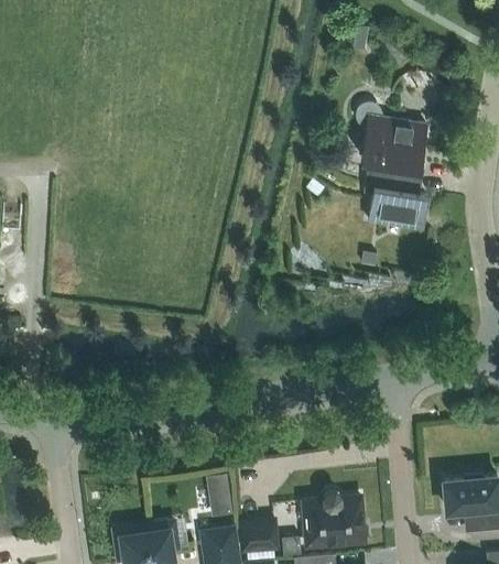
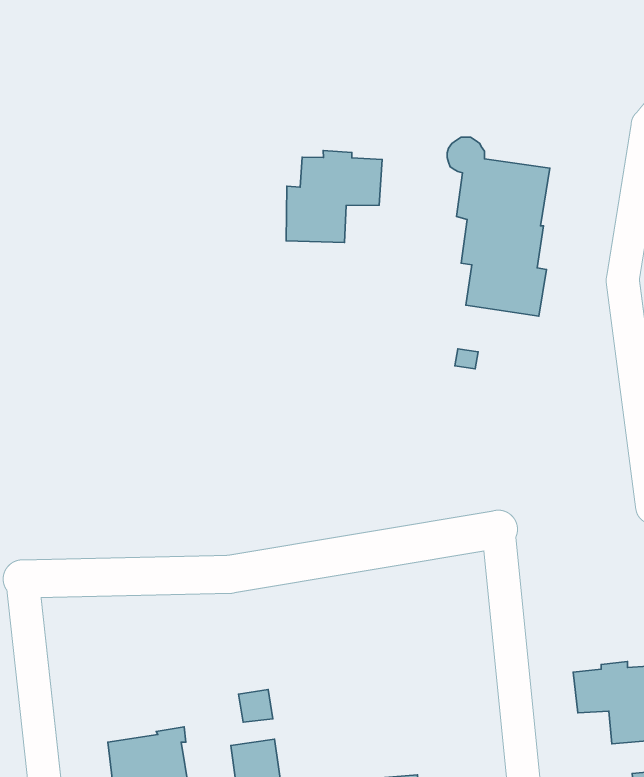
building: none -> [286,151,382,242]
building: [304,491,365,545] -> none
building: [241,520,276,551] -> none

